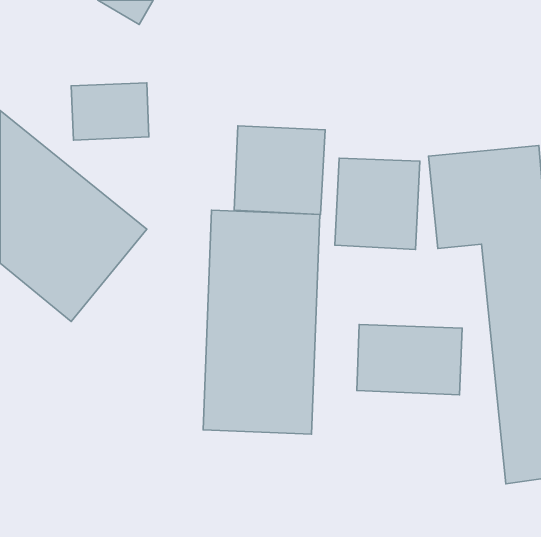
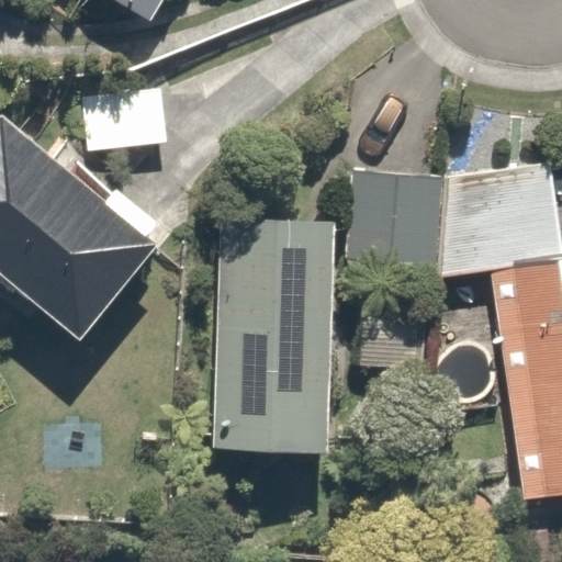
building: [234,126,325,214] -> none
building: [357,324,462,395] -> none

